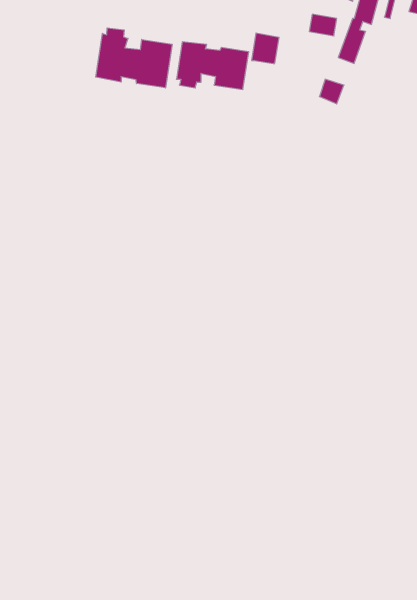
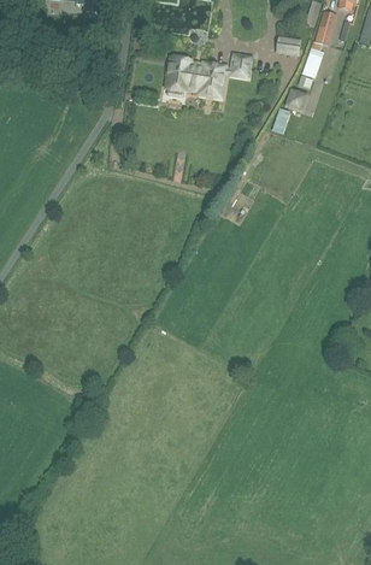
building: [96,28,172,88] -> none

